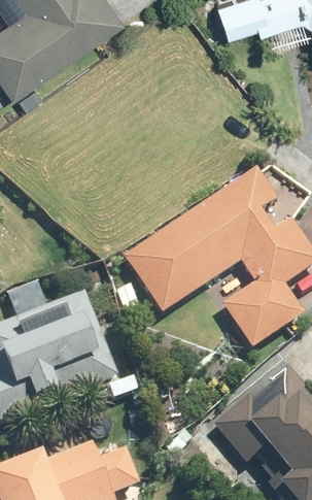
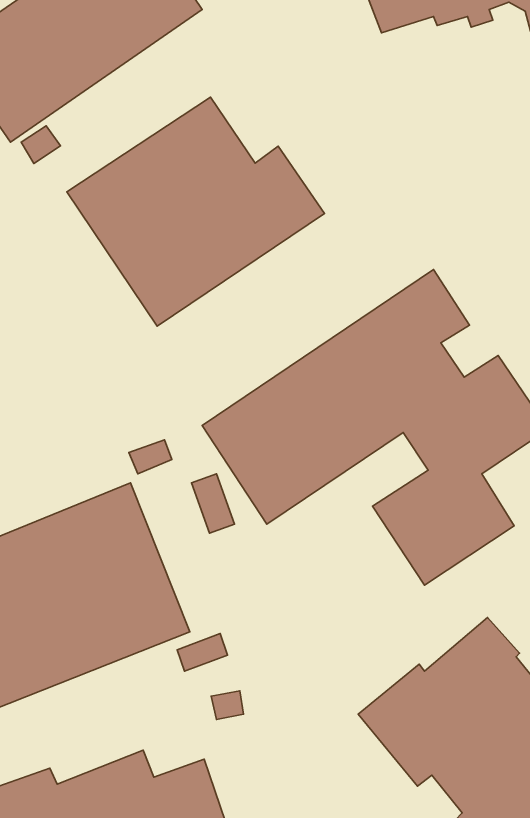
building: none -> [67,97,325,326]

